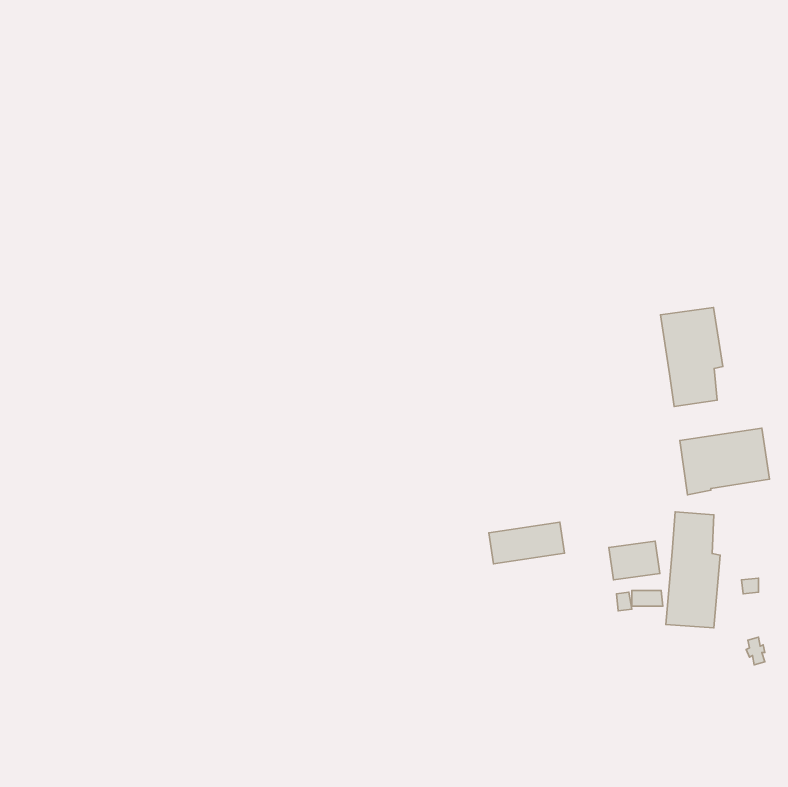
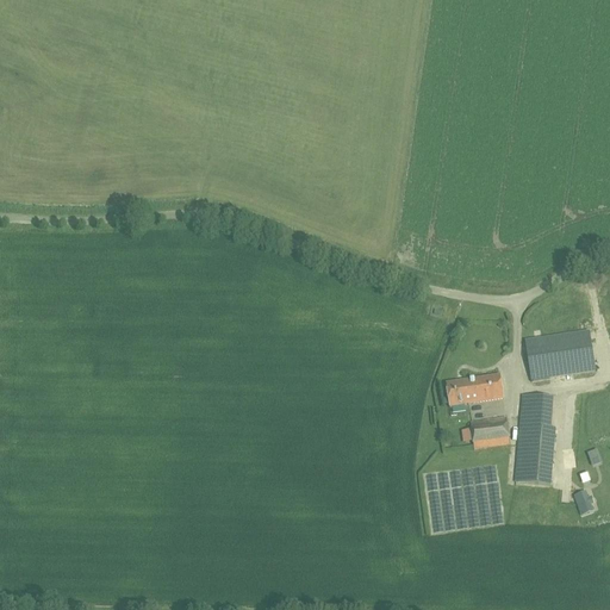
building: [660,308,723,406] -> none
building: [489,522,565,564] -> [444,374,503,406]

